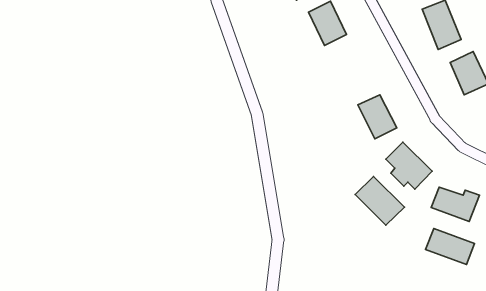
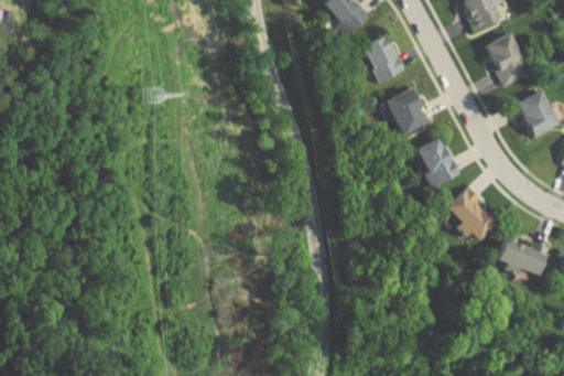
building: none -> [384,87,429,136]
building: [355,176,404,225] -> none
building: [426,228,475,264] -> none

